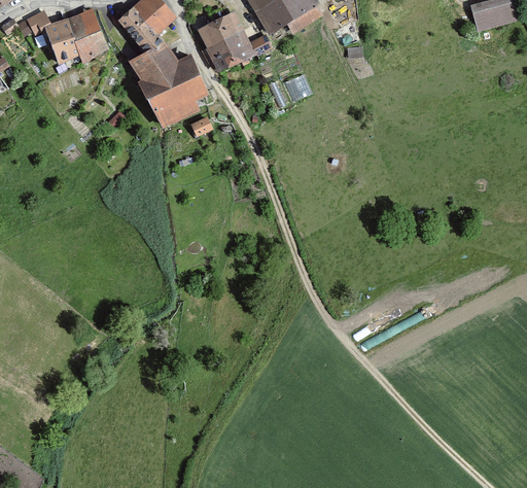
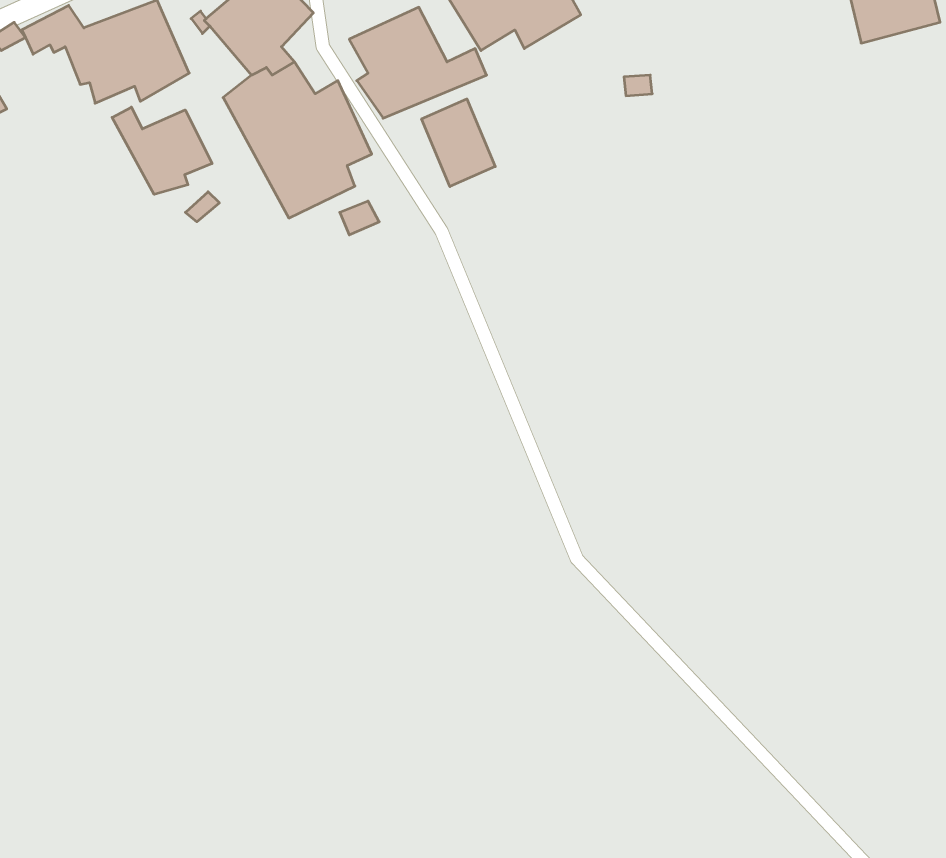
building: none -> [422,99,495,187]
building: none -> [112,107,212,194]

